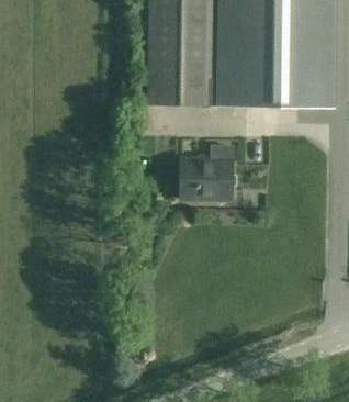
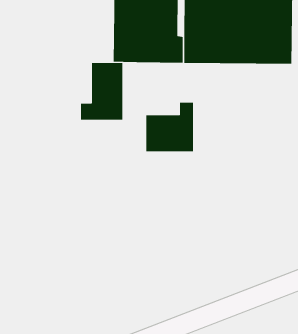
building: none -> [81,62,123,120]

